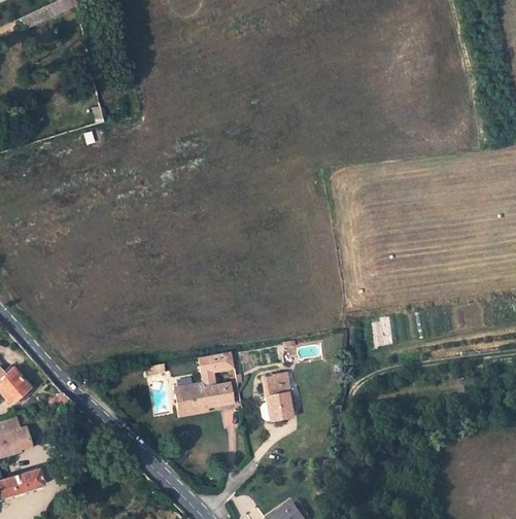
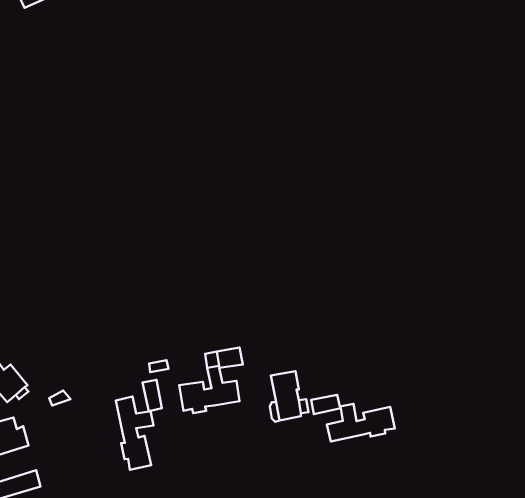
building: none -> [116,380,162,470]
building: none -> [311,395,395,441]

